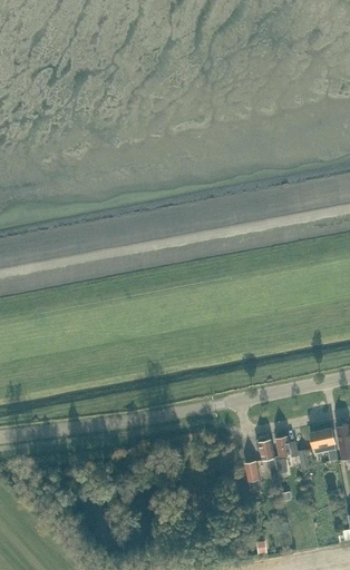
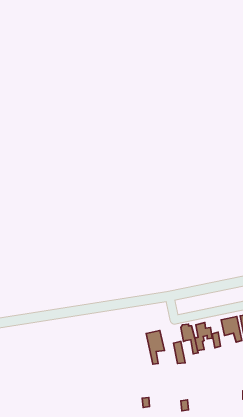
building: none -> [146,331,164,364]

